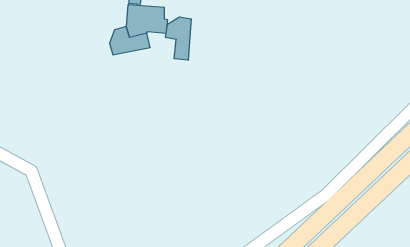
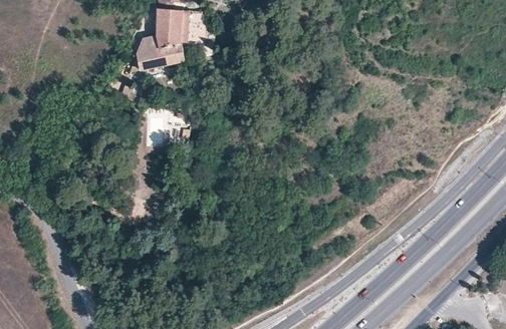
building: [166,17,191,60] -> none

